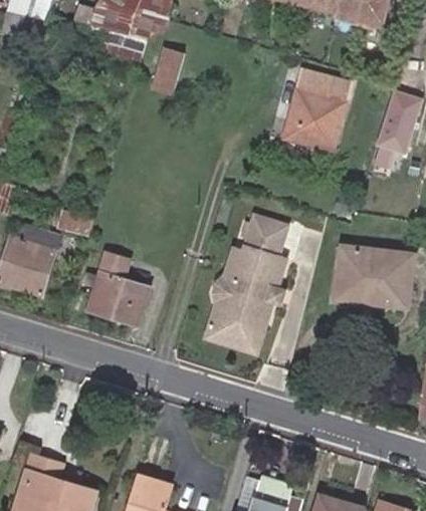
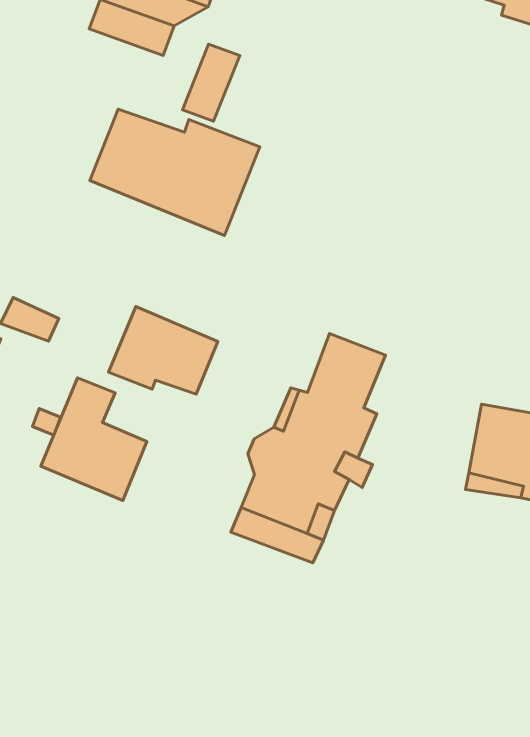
building: [283,67,349,148] -> none
building: none -> [90,109,260,235]
building: none -> [109,306,218,394]

